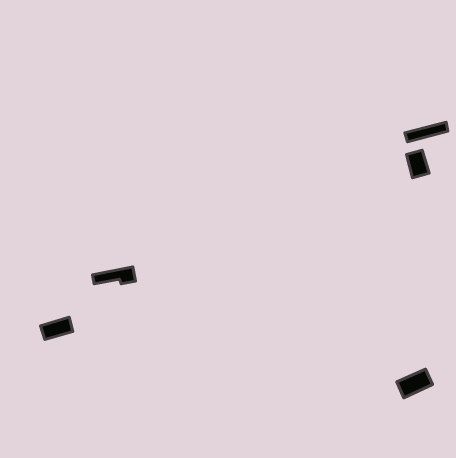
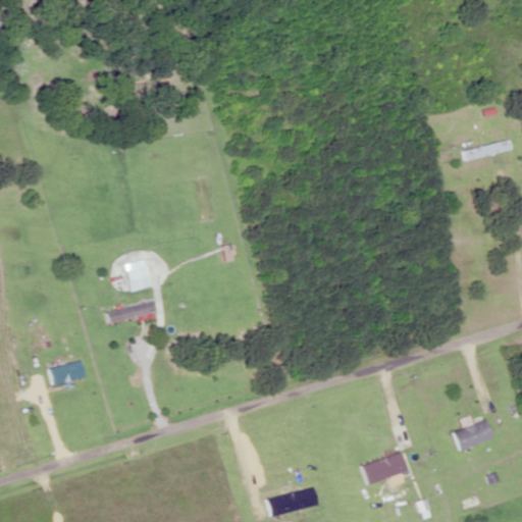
building: [406,150,429,178] -> none
building: none -> [362,454,408,484]

